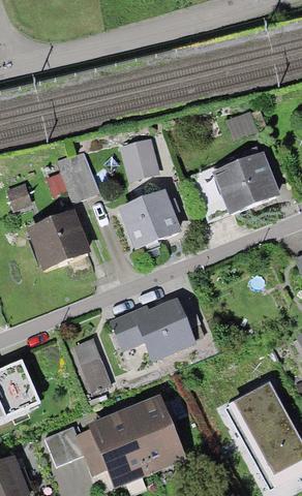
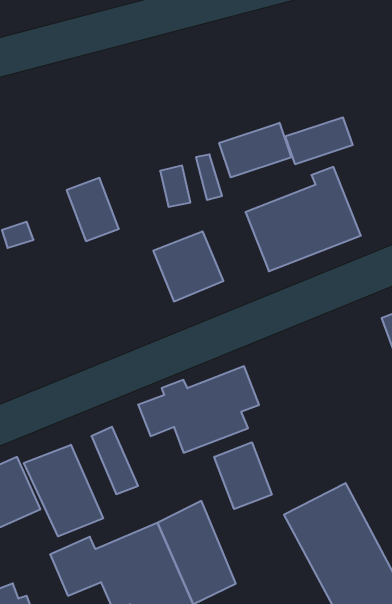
building: none -> [219,123,291,177]
building: [30,212,88,269] -> none
building: none -> [214,442,272,509]
building: none -> [24,445,103,536]

